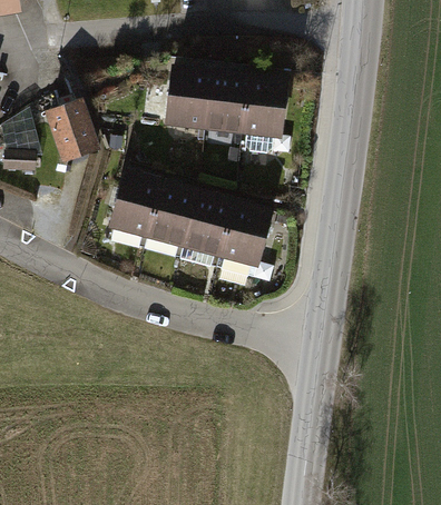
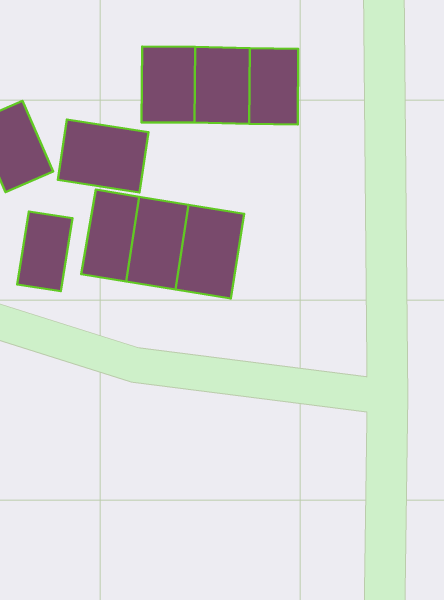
building: none -> [58,120,149,193]
building: none -> [17,211,72,291]
building: [215,200,273,273] -> none

